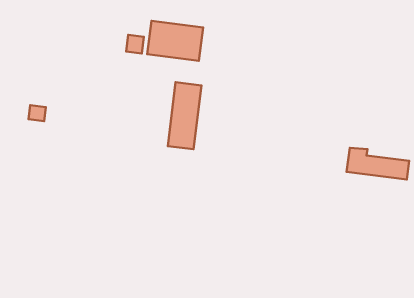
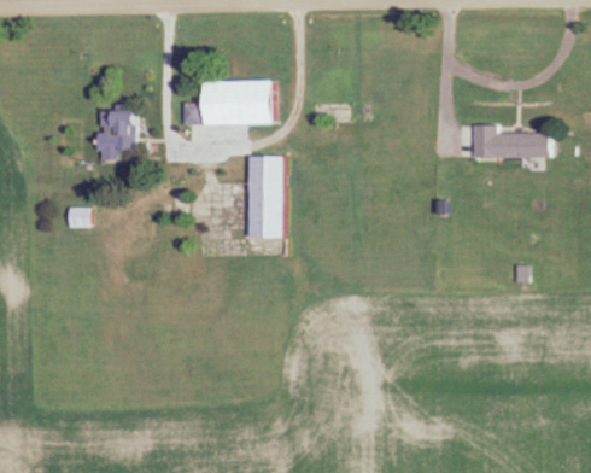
building: none -> [98,109,137,159]
building: [347,148,409,179] -> [470,124,549,157]

